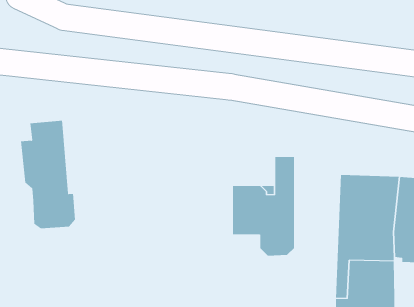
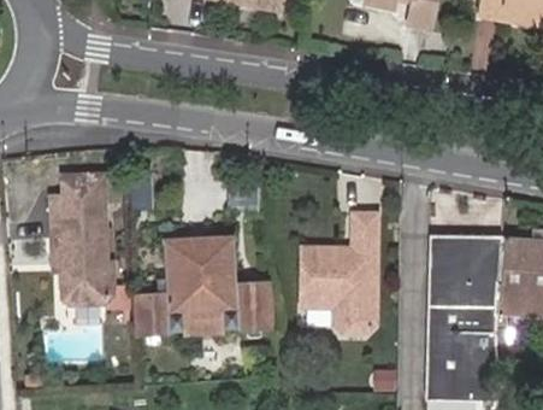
building: none -> [137,236,271,334]

